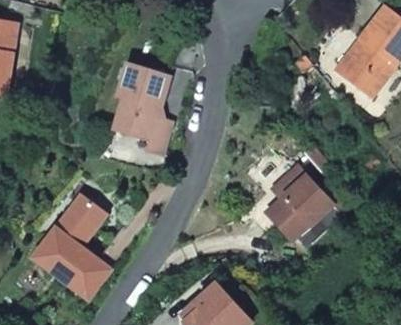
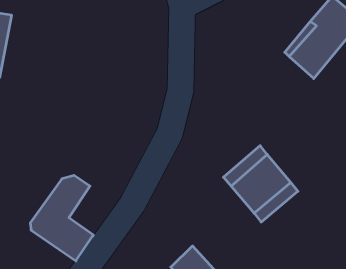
building: [114,61,168,153] -> none

